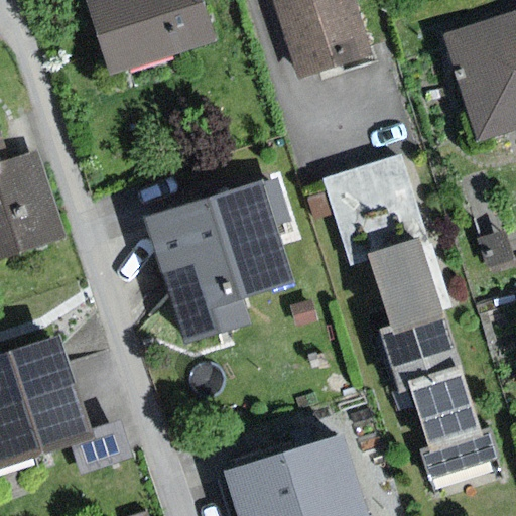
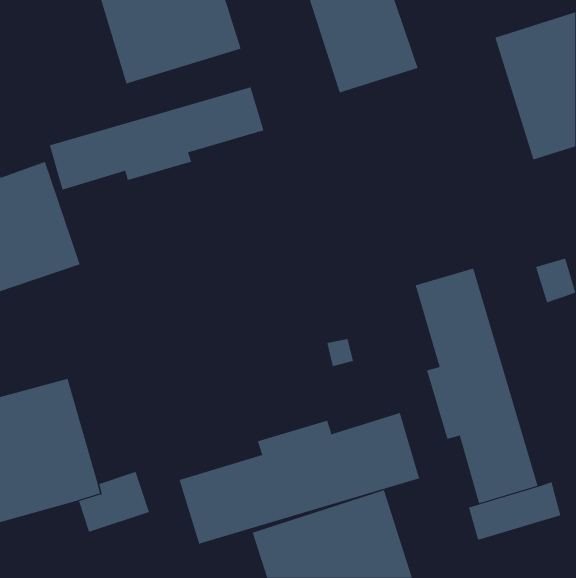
building: none -> [49,86,264,191]
building: [322,154,422,253] -> none
building: [147,184,291,343] -> none
building: none -> [179,412,420,545]

